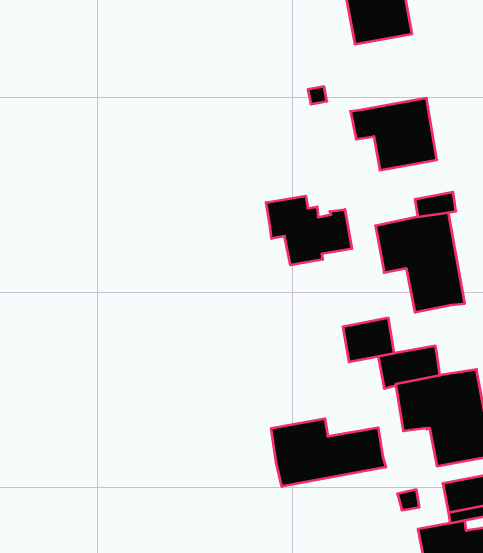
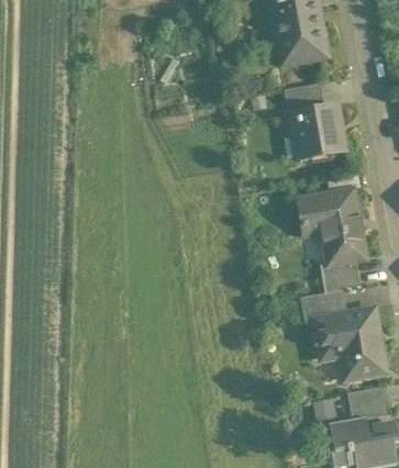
building: none -> [284,82,323,112]
building: [266,196,352,265] -> none
building: [343,318,394,362] -> [321,258,359,291]
building: [271,419,386,487] -> none

